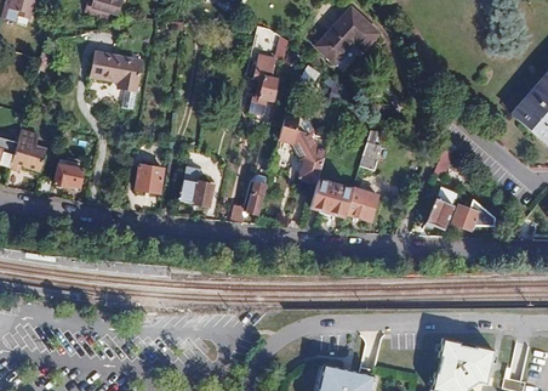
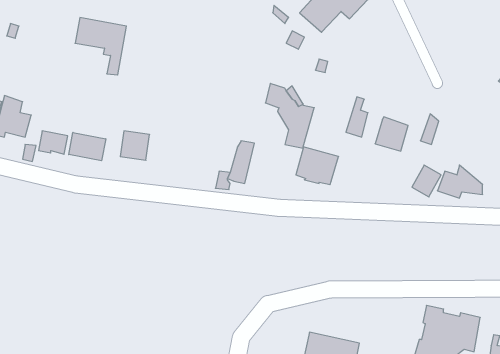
building: [250,53,279,115] -> none
building: [179,165,213,206] -> none
building: none -> [69,132,106,161]
building: [346,187,378,221] -> [375,117,408,151]

